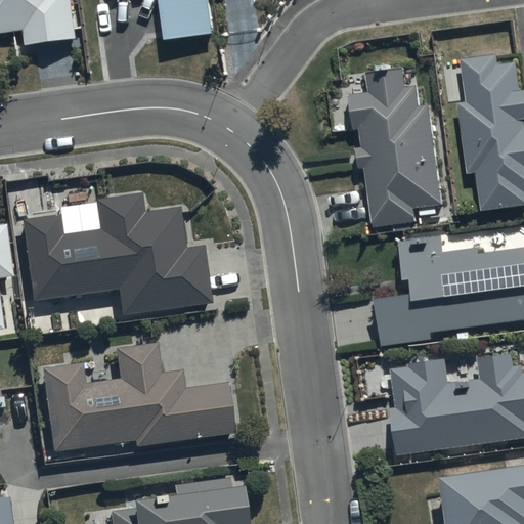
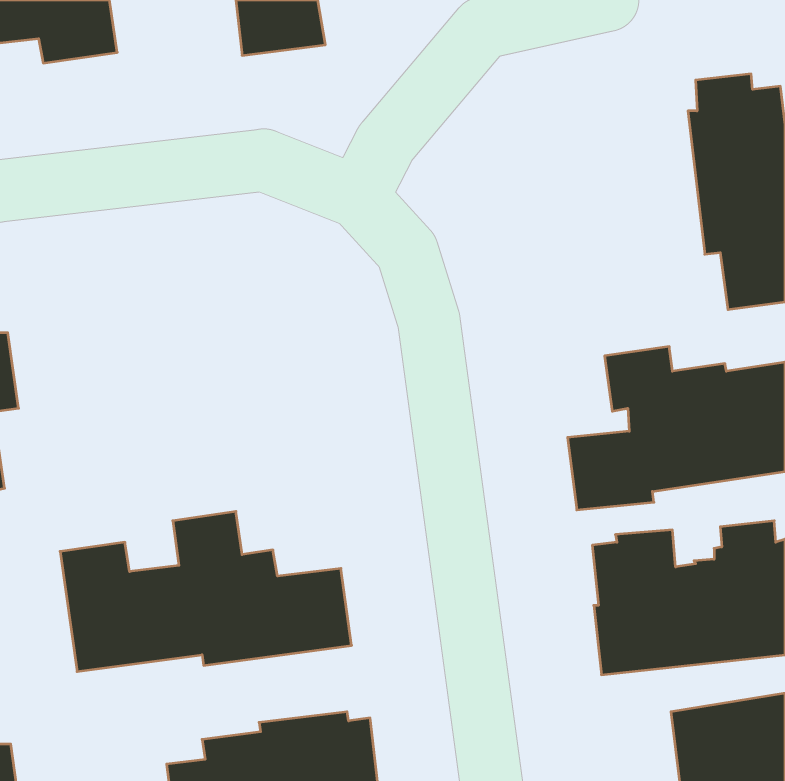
building: [351,63,443,226] -> none
building: [20,191,213,316] -> none

